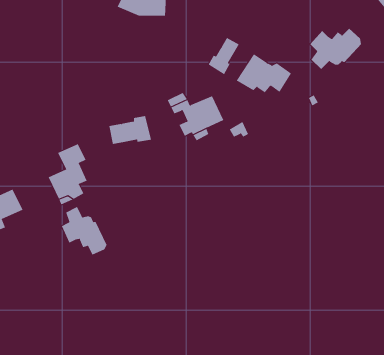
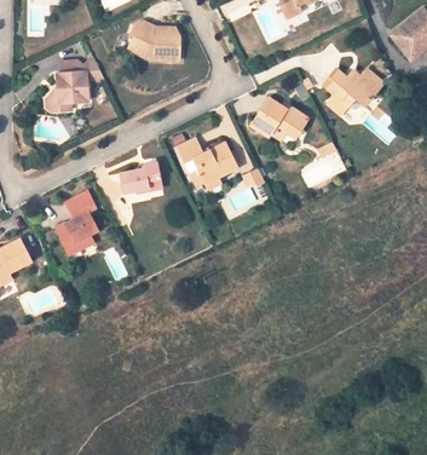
building: none -> [45,59,103,116]
building: [208,37,239,75] -> none
building: [61,206,107,255] -> none

